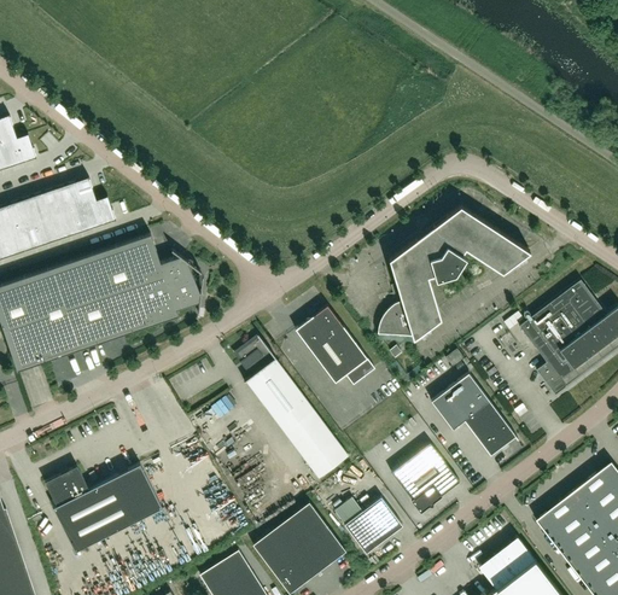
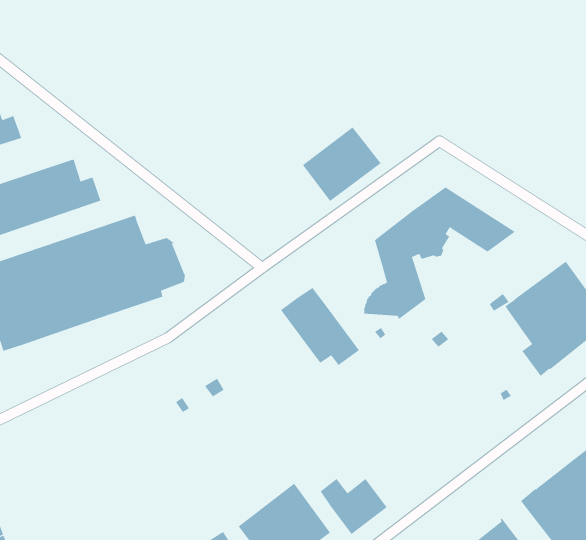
building: none -> [302,126,382,202]
building: [237,334,348,479] -> none
building: [431,373,518,456] -> none
building: [395,448,461,517] -> none
building: [45,465,162,552] -> none

